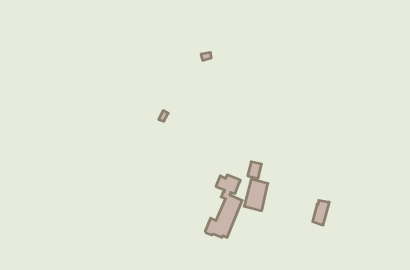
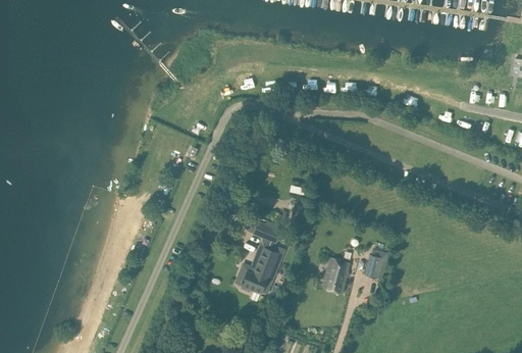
building: [244,179,268,211] -> [320,257,348,294]

